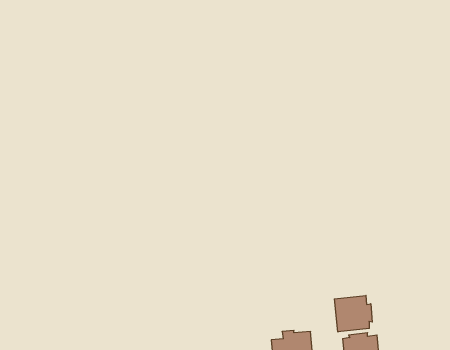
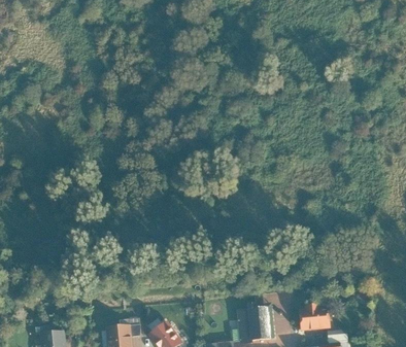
building: [334,295,372,332] -> none

